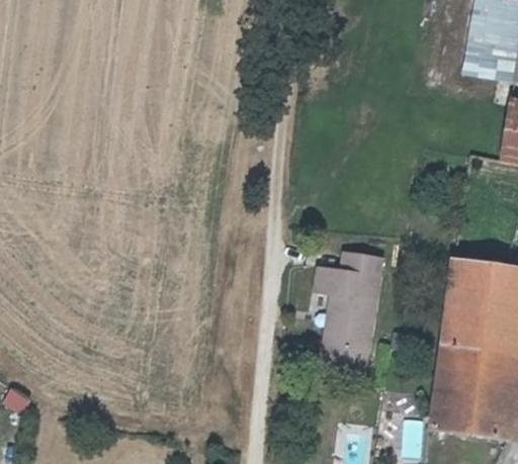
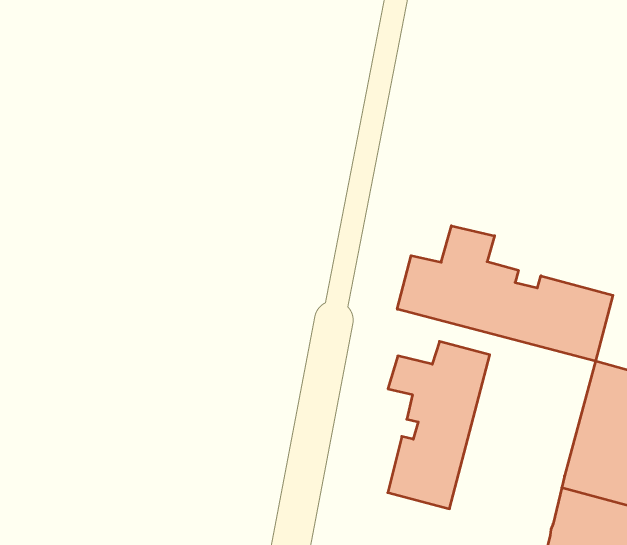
building: none -> [397,226,613,361]

